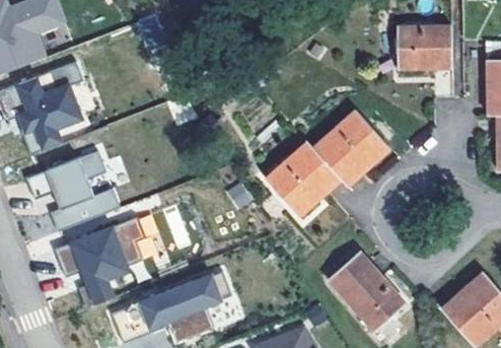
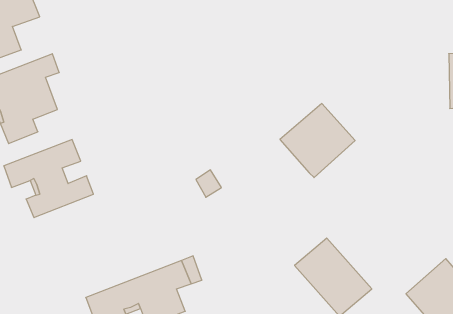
building: [400,24,452,68] -> none
building: [265,141,343,218] -> none
building: [53,215,144,305] -> none

